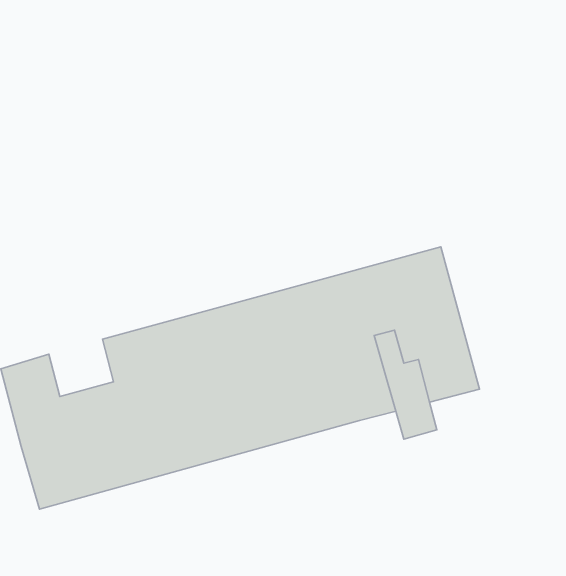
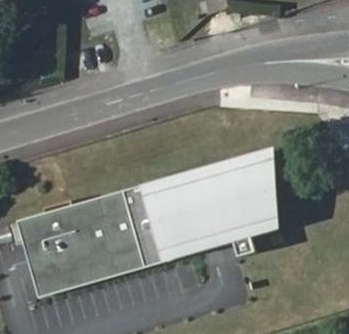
building: none -> [43,199,80,235]

